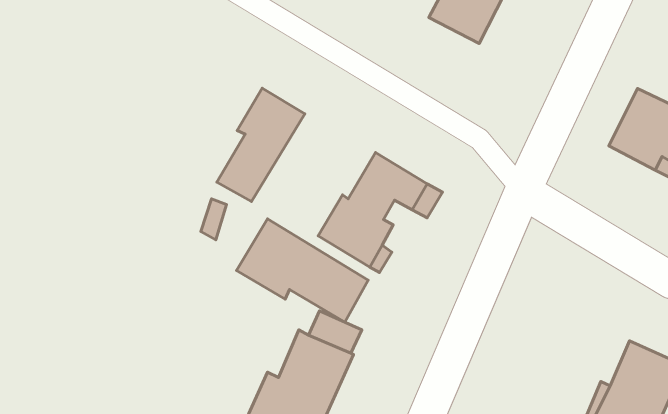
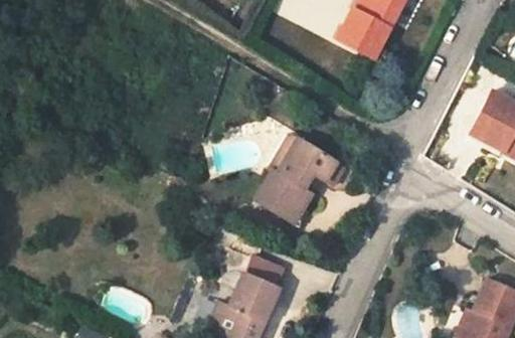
building: [217,88,305,201] -> none
building: [236,219,368,322] -> none

